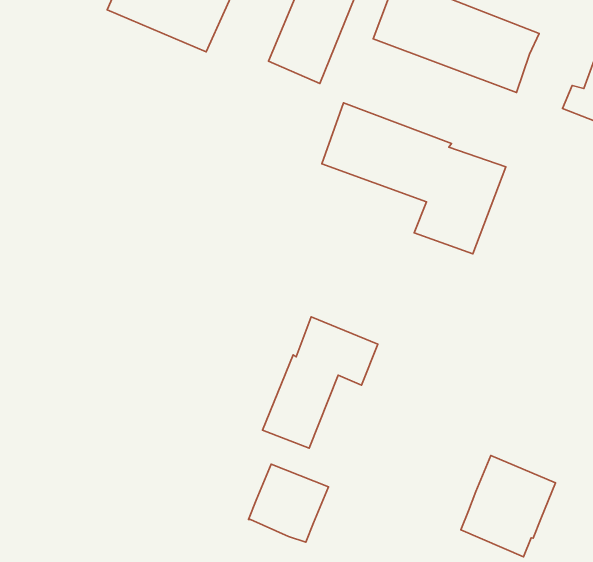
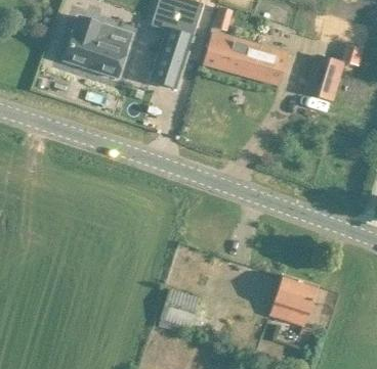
building: [322,103,506,254] -> none
building: [262,317,378,448] -> none

